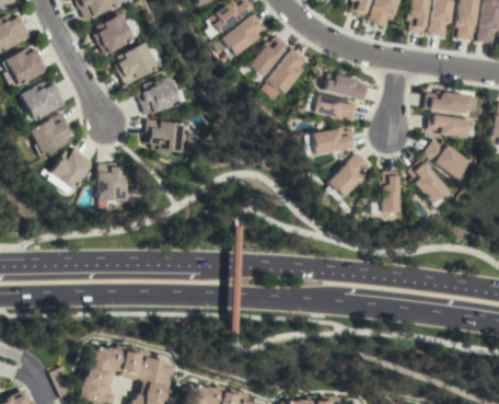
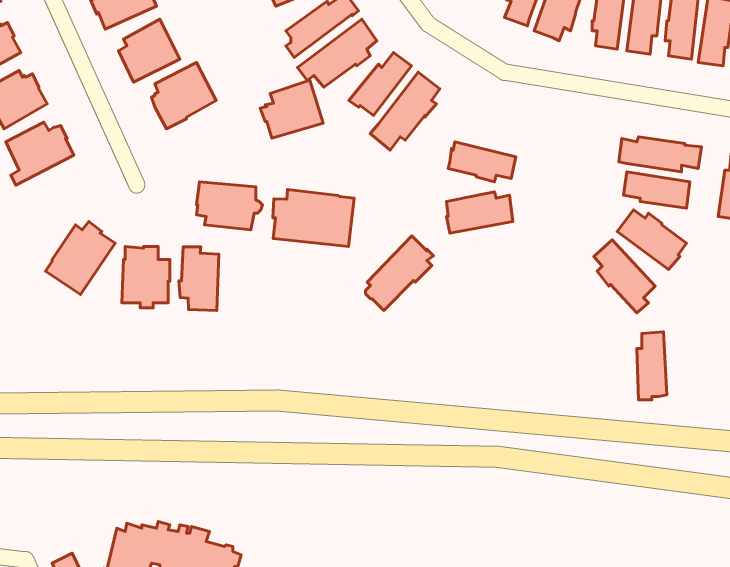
building: [324,72,368,100] -> none
building: [138,76,179,114] -> [260,80,323,138]
building: [28,112,72,155] -> none
building: none -> [273,190,354,246]
building: [325,152,370,201] -> [366,236,434,310]
building: none -> [179,247,219,311]
building: [380,170,399,215] -> [637,332,667,400]

